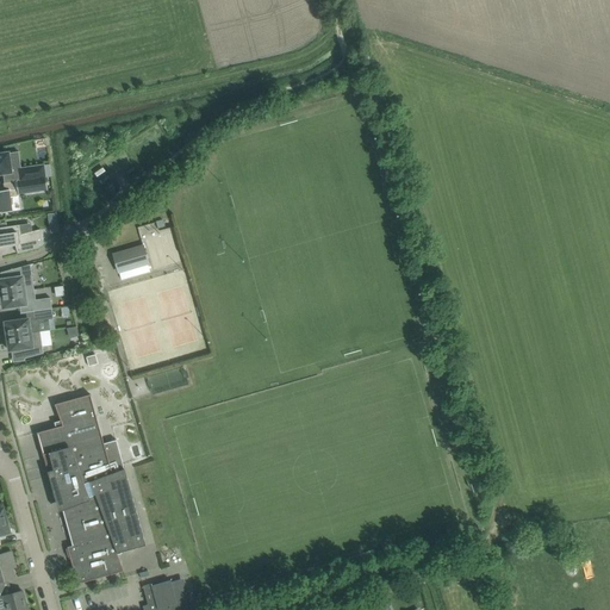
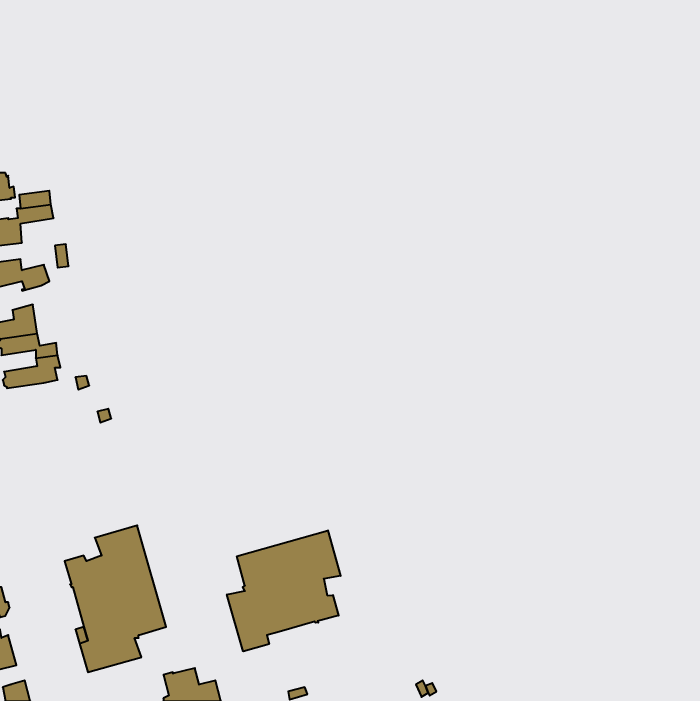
building: [112,245,147,273] -> none
building: [5,332,42,359] -> none
building: [36,394,119,488] -> none
building: none -> [227,530,341,651]

